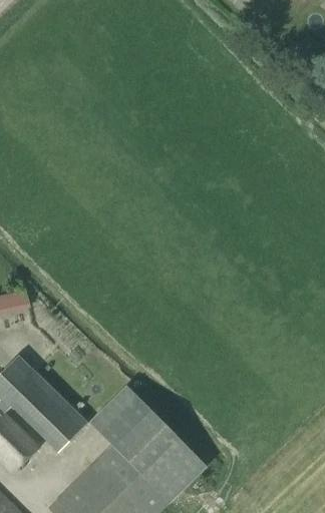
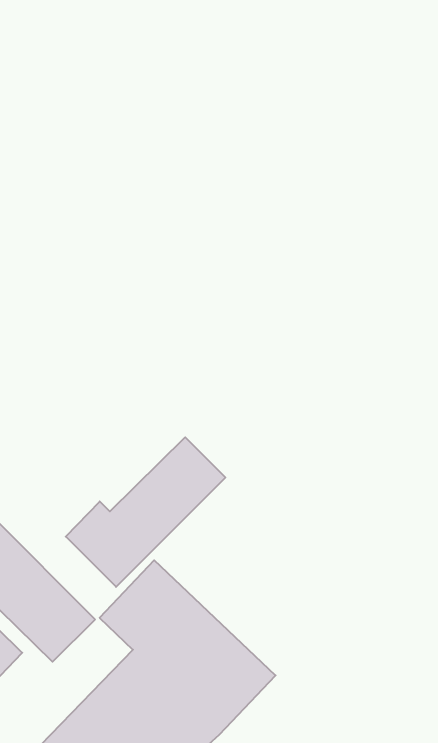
building: none -> [66,437,225,587]

